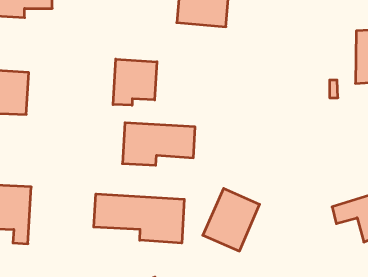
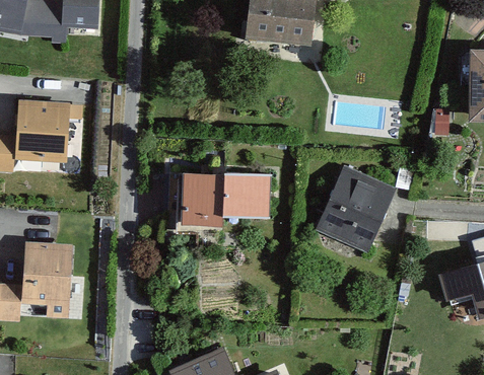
building: [113,59,157,105] -> none
building: [203,188,260,251] -> [324,167,393,243]
building: [94,194,184,243] -> none

